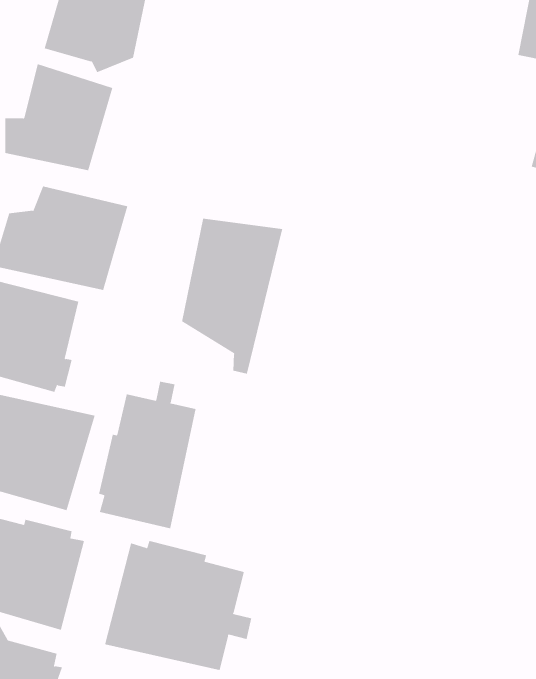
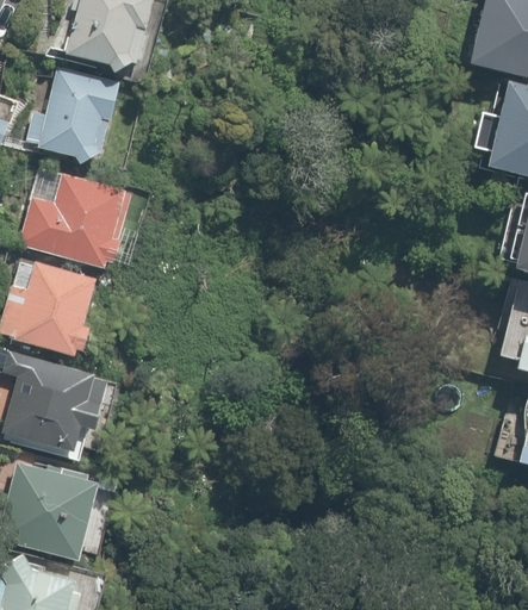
building: [182,218,283,375] -> none
building: [98,381,196,529] -> none
building: [104,540,252,671] -> none

